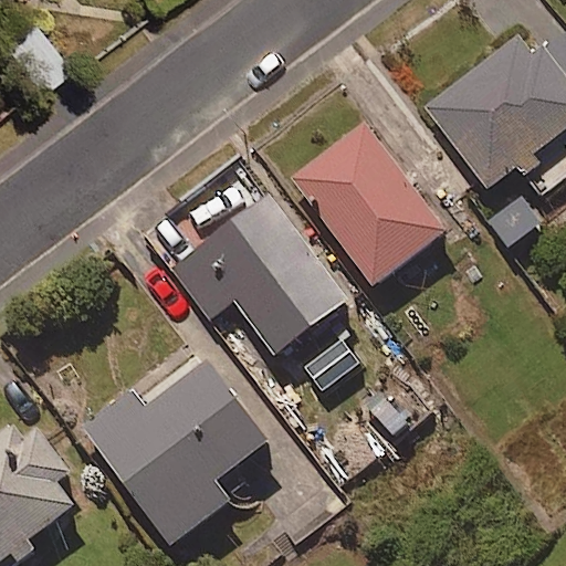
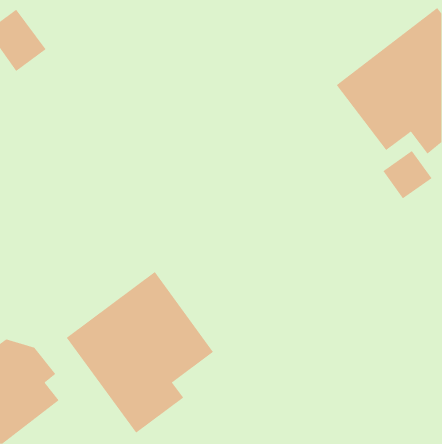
building: [289,122,447,286] -> none
building: [170,195,347,355] -> none

